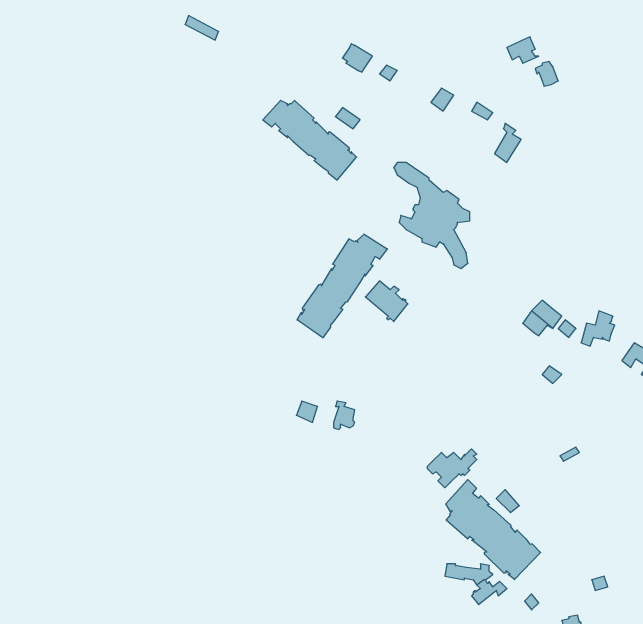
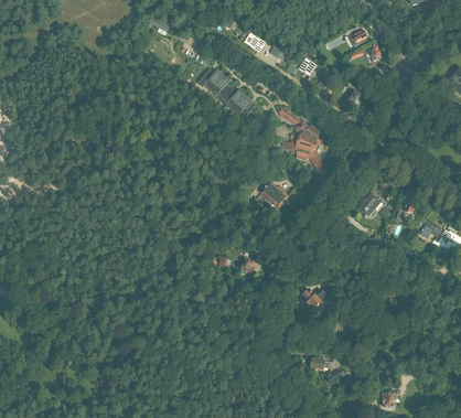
building: [297,234,387,338] -> none
building: [446,480,541,580] -> none

